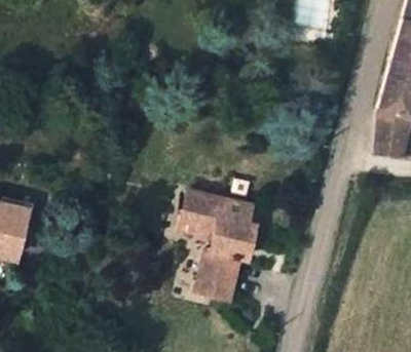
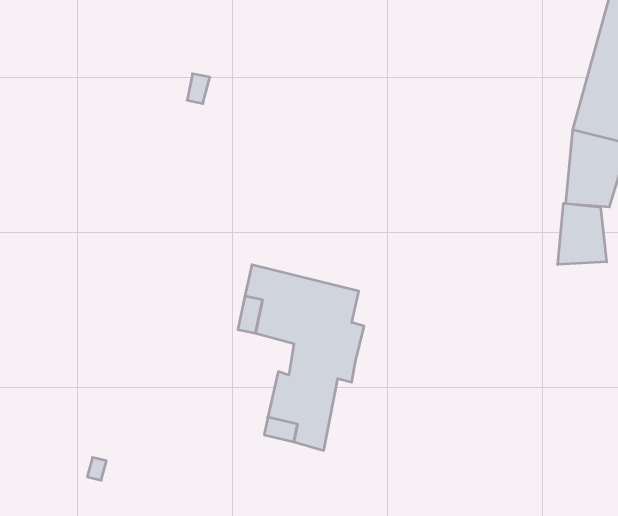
building: none -> [558,203,607,265]

